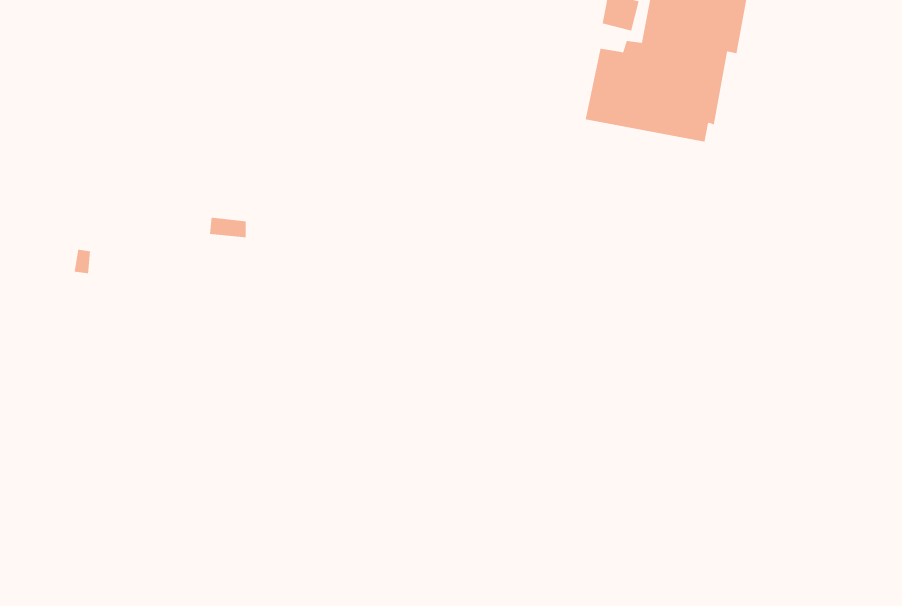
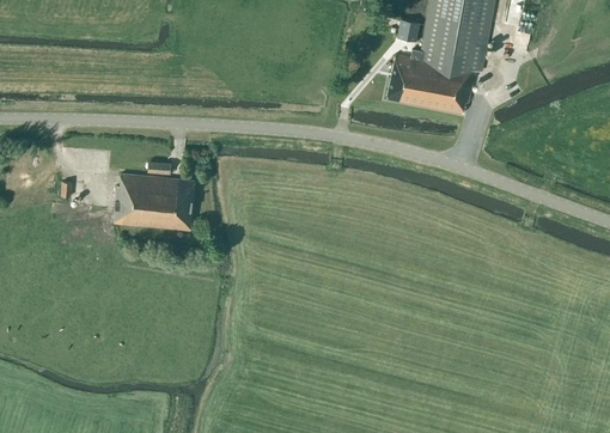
building: none -> [115,175,196,231]

